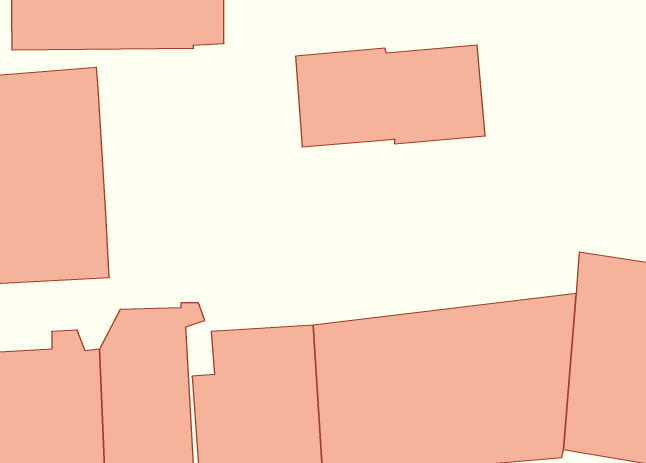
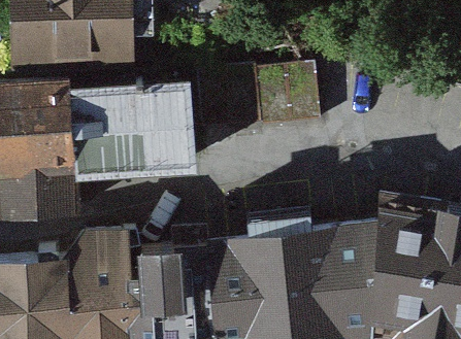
building: none -> [68,87,187,174]

